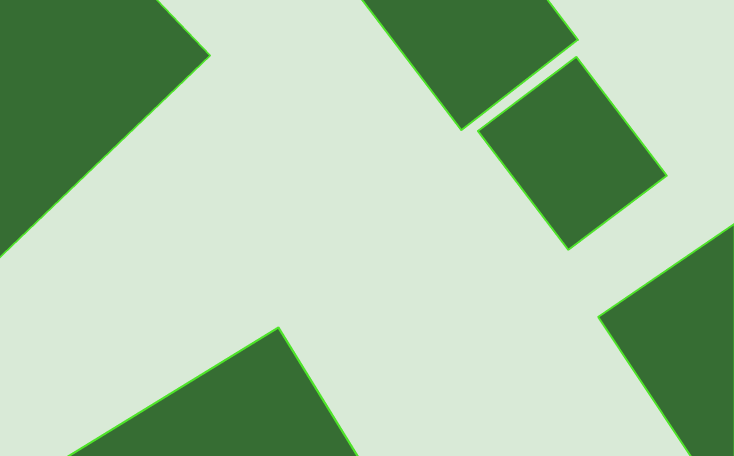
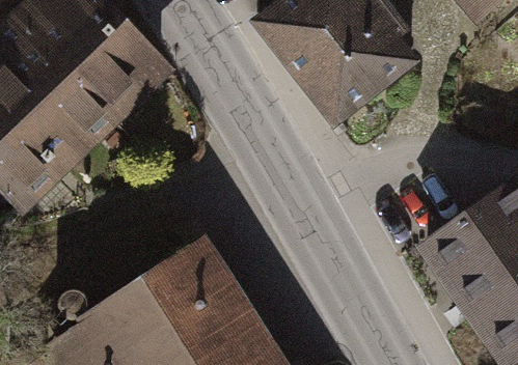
building: [478,57,667,250] -> none

